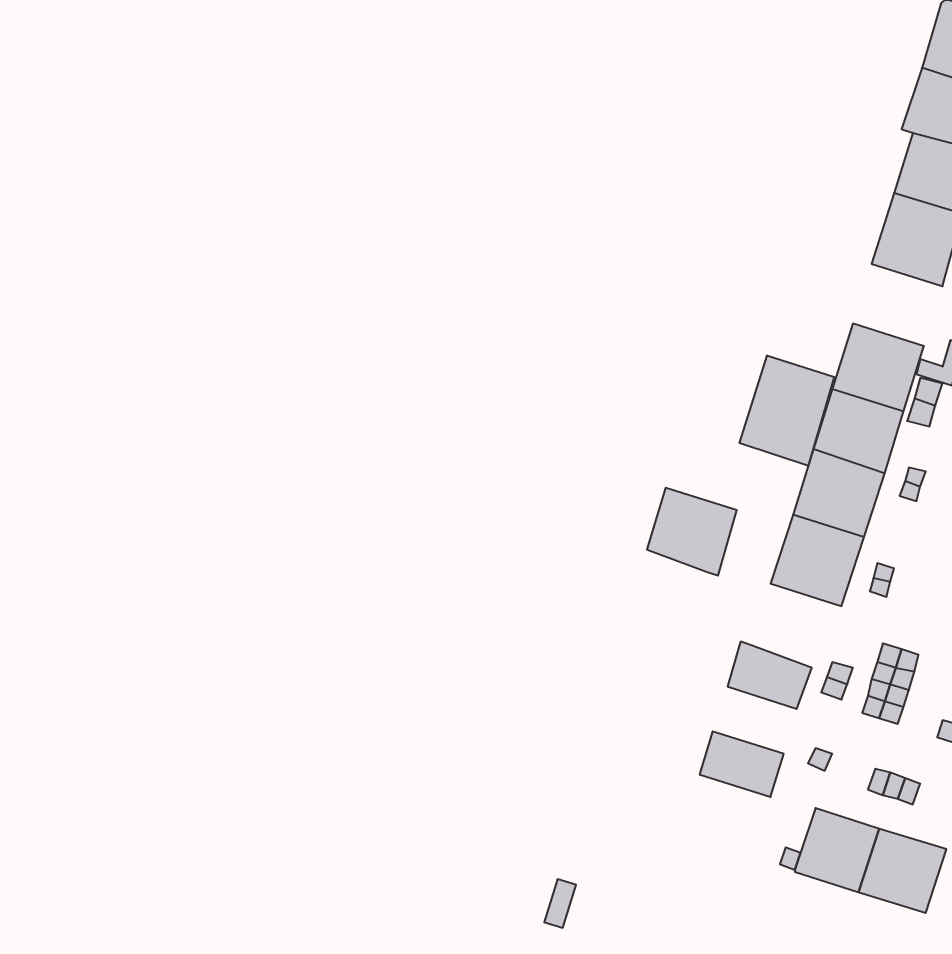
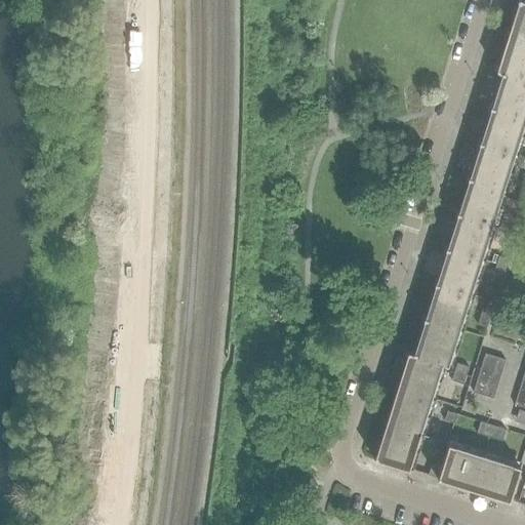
building: none -> [470,146,519,191]
building: [739,355,834,466] -> none
building: [647,488,737,576] -> [414,321,463,369]
building: none -> [393,377,439,414]
building: none -> [376,426,425,472]

